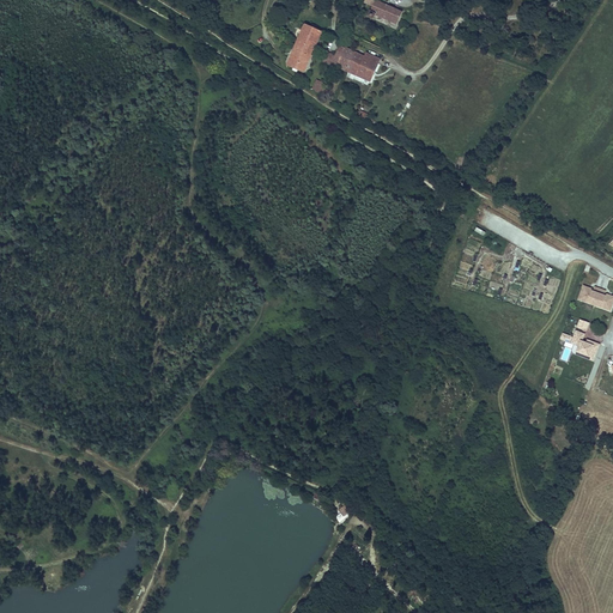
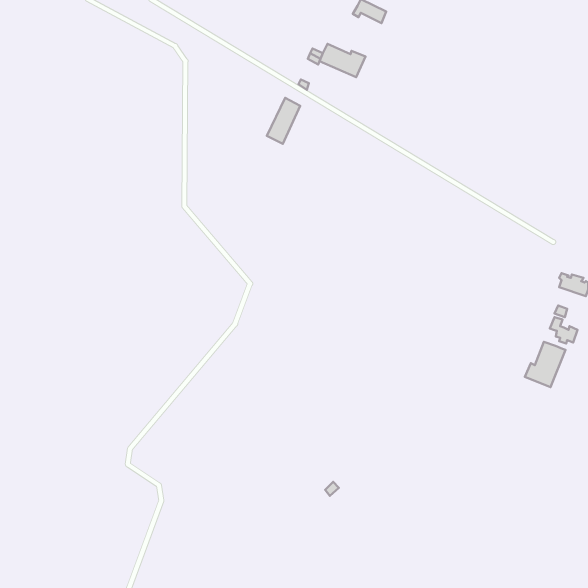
building: [286,23,321,71] -> [267,98,300,144]
building: none -> [525,342,565,387]

